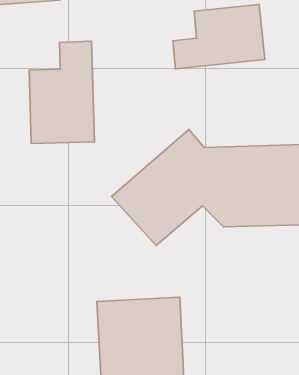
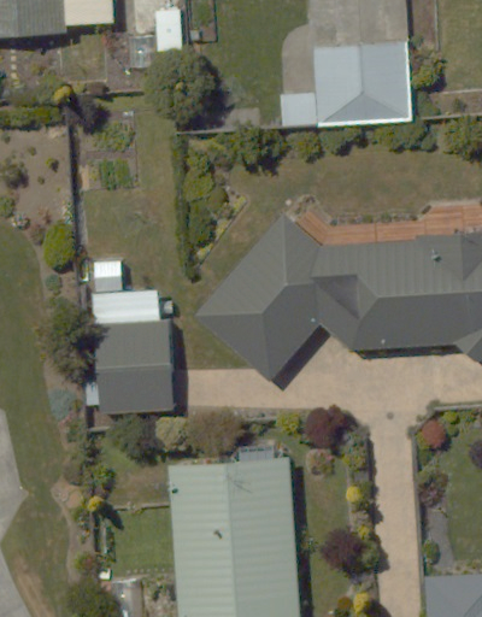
building: [29,41,95,143] -> none
building: none -> [93,259,170,411]

